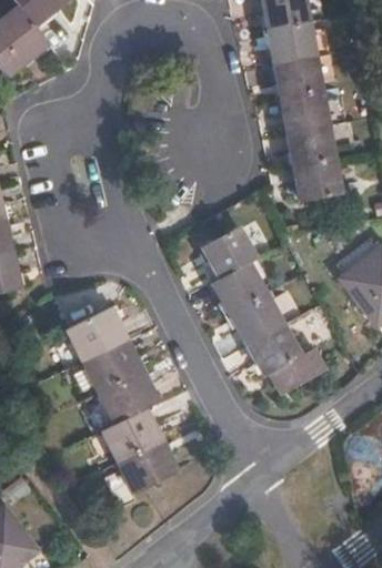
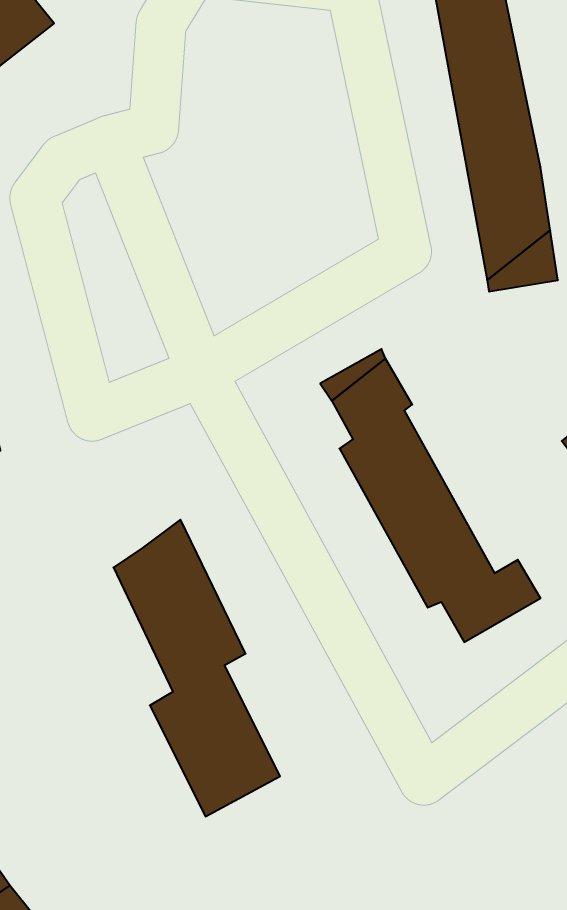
building: [69,306,120,352] -> none

